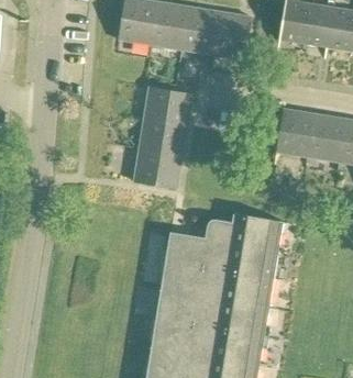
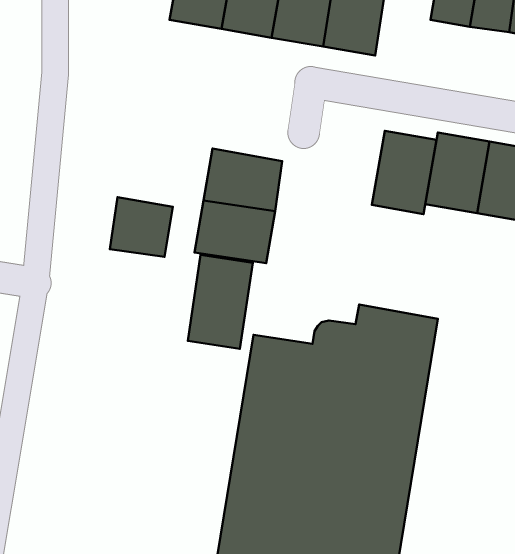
building: [144,87,192,125] -> none
building: none -> [372,131,436,214]
building: none -> [110,197,173,257]
building: none -> [188,255,253,349]

